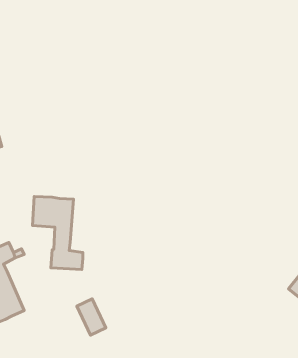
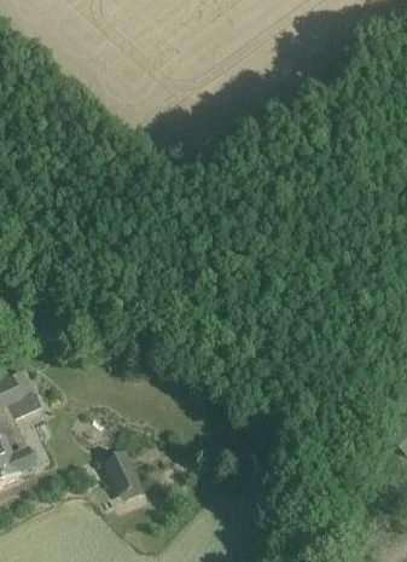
building: [33,197,83,270] -> none

